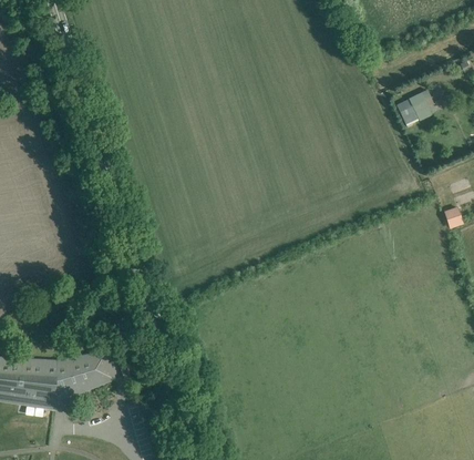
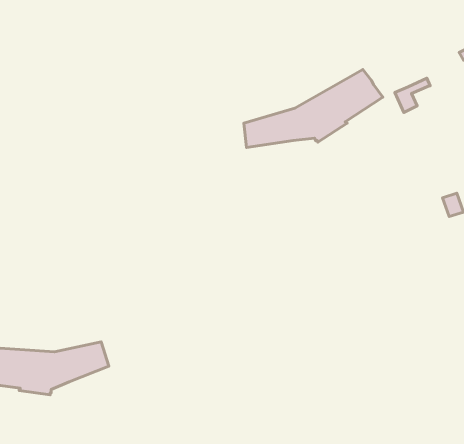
building: none -> [244,70,383,147]

